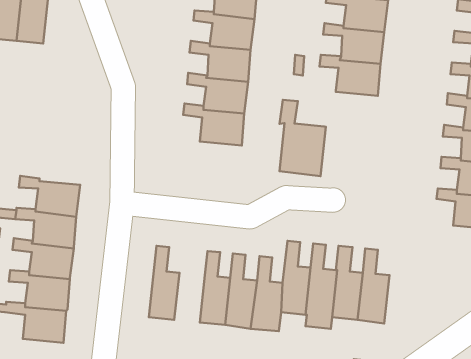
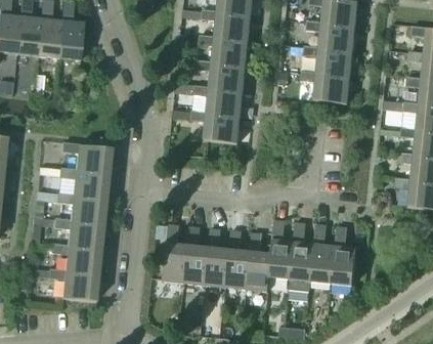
building: [279,100,326,176] -> none
building: none -> [60,141,111,174]
building: none -> [183,225,208,285]

